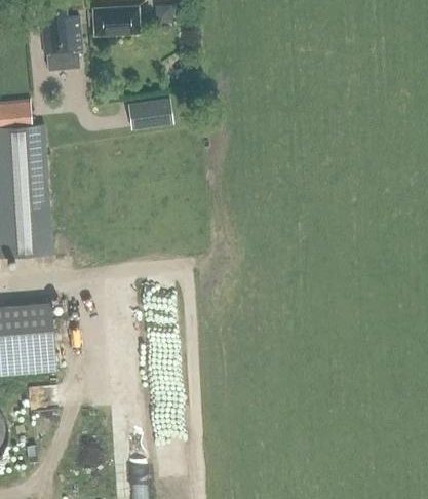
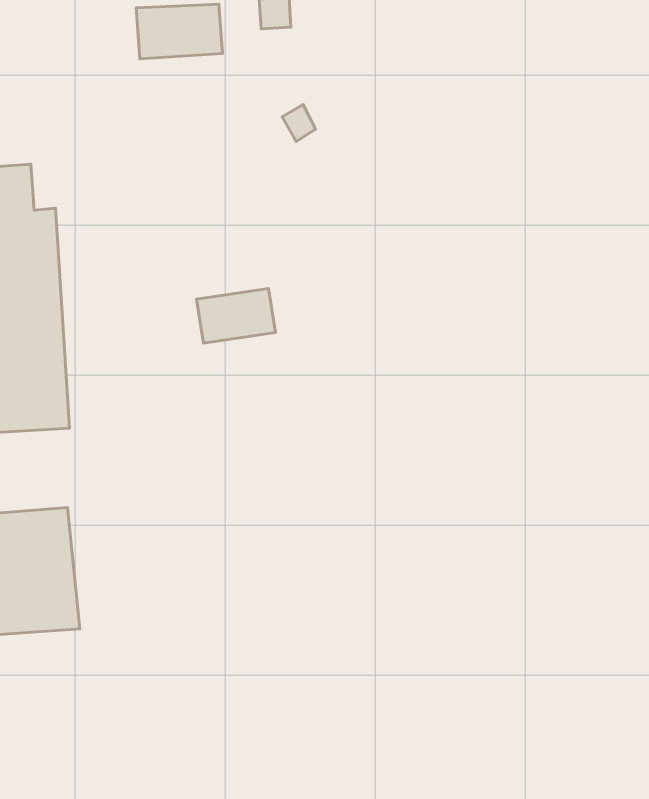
building: [40,9,82,70] -> none
building: [126,99,172,130] -> [196,289,276,343]

